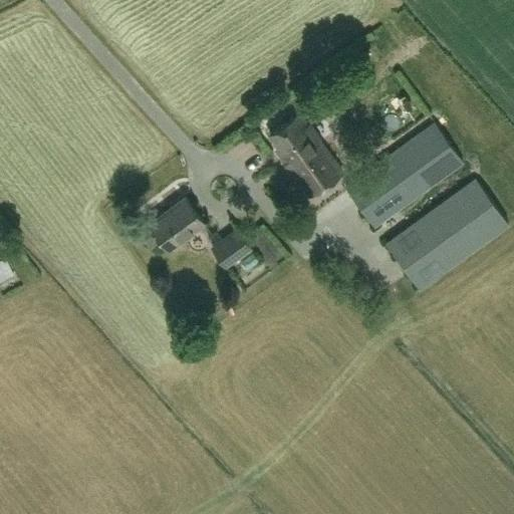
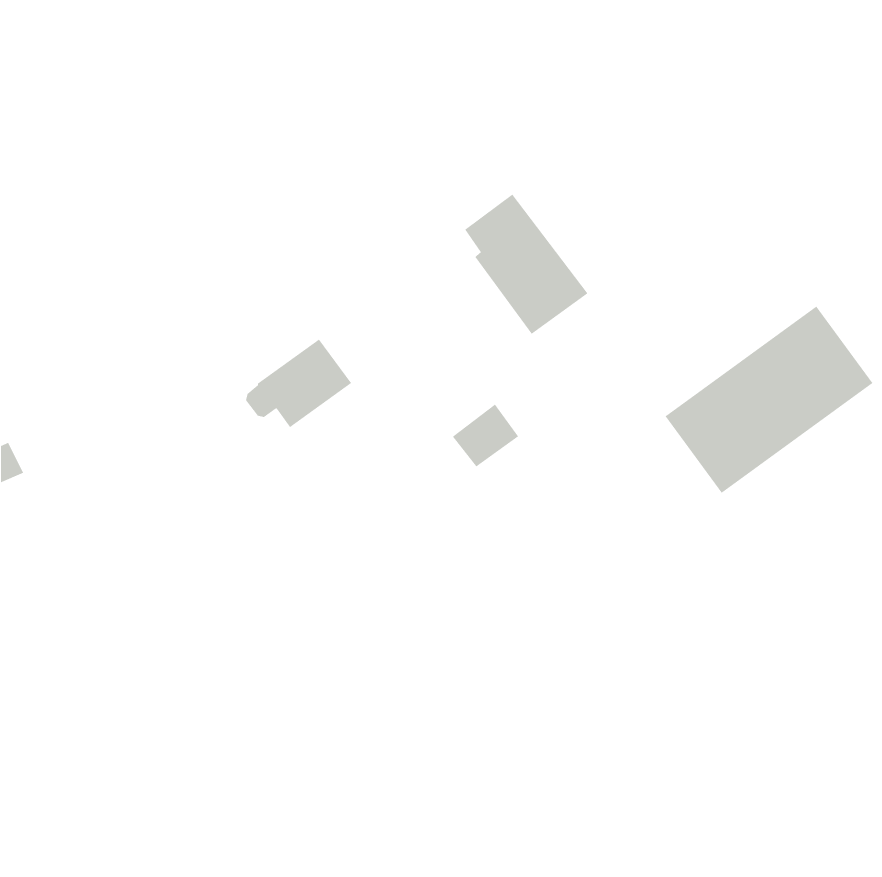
building: [345,124,463,229] -> none
building: [212,231,251,268] -> [452,404,519,467]

